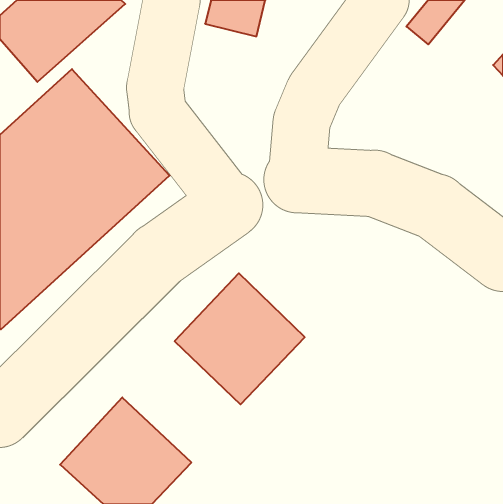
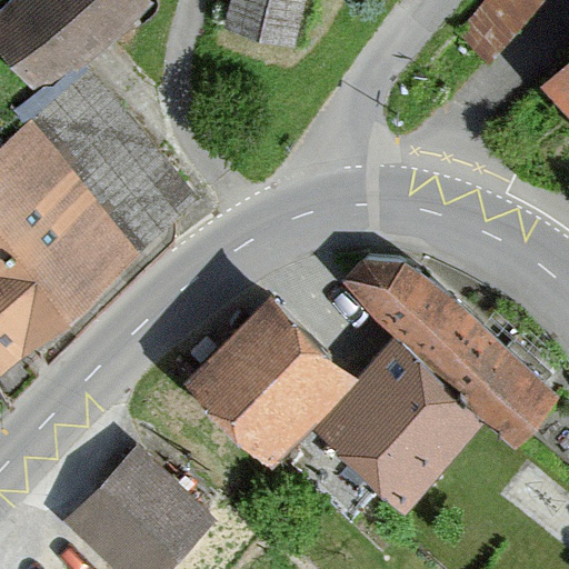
building: none -> [329,262,550,493]

